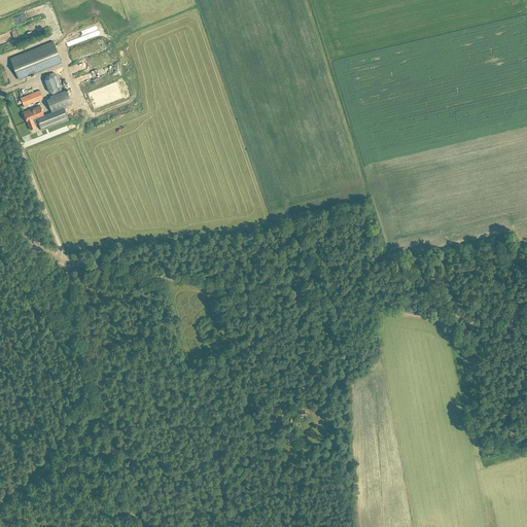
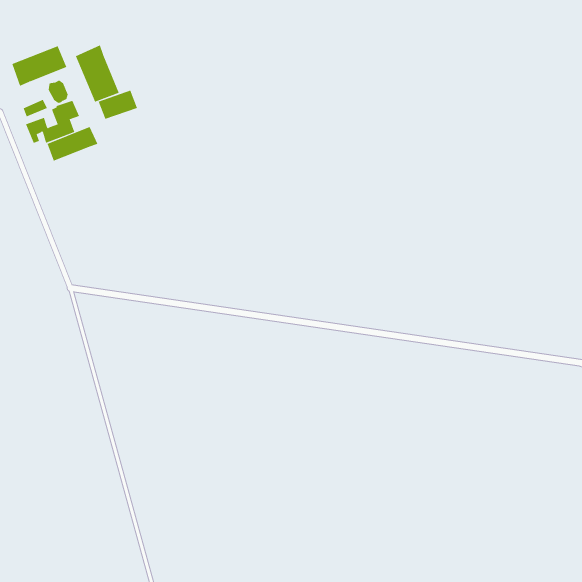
building: none -> [75,45,119,103]
building: none -> [47,126,98,161]

